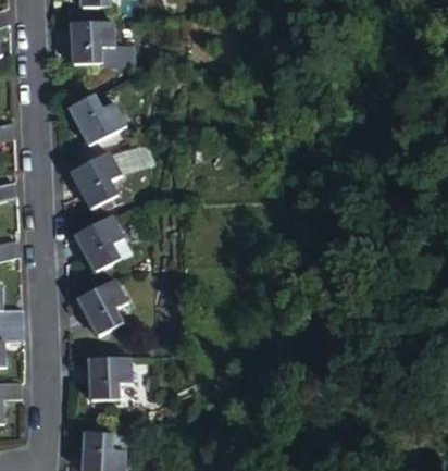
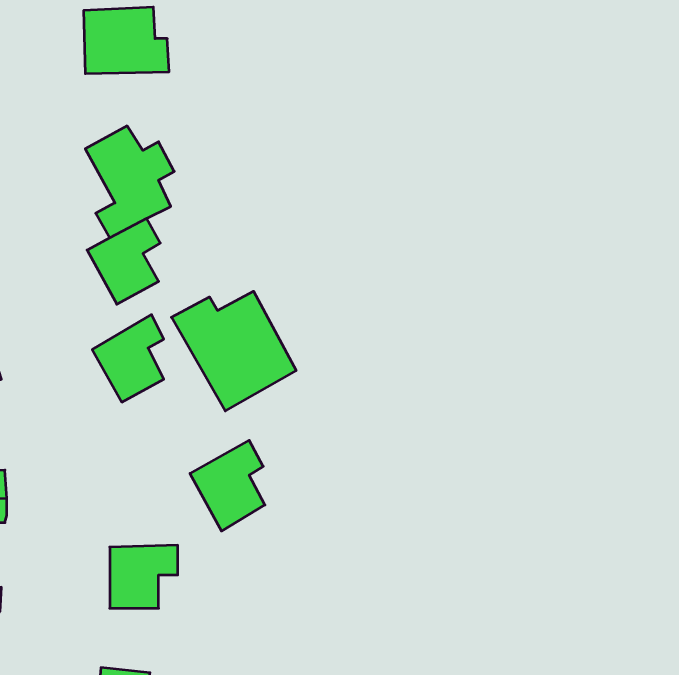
building: none -> [171,291,296,411]
building: [76,277,123,334] -> [190,440,265,531]

